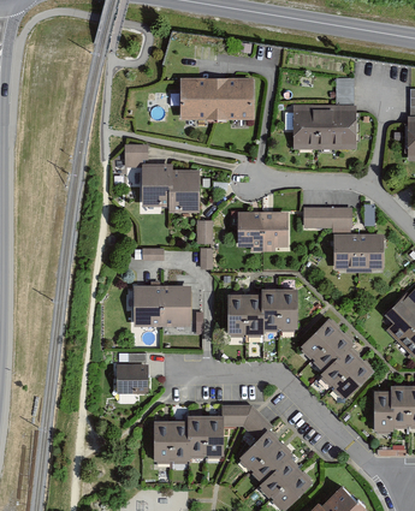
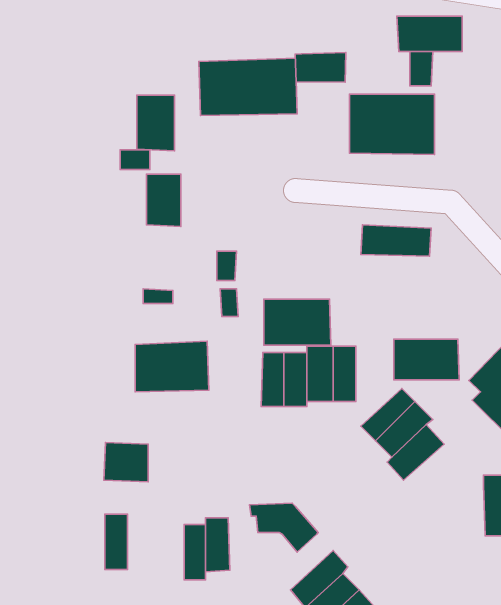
building: none -> [397,16,462,52]
building: none -> [295,53,346,82]
building: [170,171,197,212] -> [137,95,175,151]
building: [239,213,289,246] -> [264,299,331,345]
building: [337,239,385,269] -> [394,339,459,380]
building: [333,362,375,402] -> none
building: [374,392,393,432] -> none
building: [204,416,224,454] -> none
building: [155,421,172,462] -> [105,514,128,570]
building: [238,428,281,469] -> none

